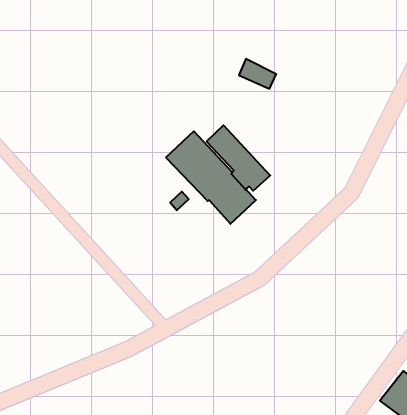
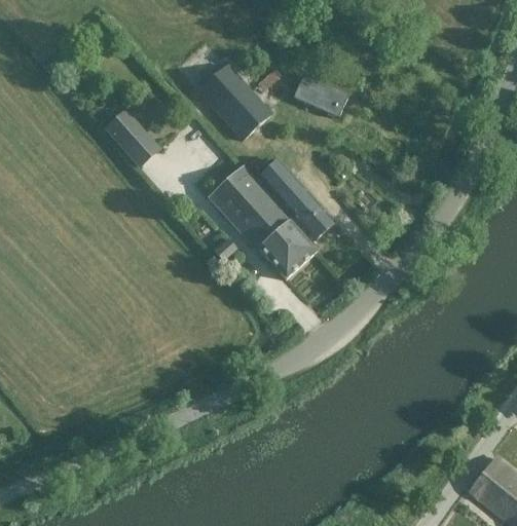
building: none -> [198,63,271,139]
building: none -> [104,110,160,167]

